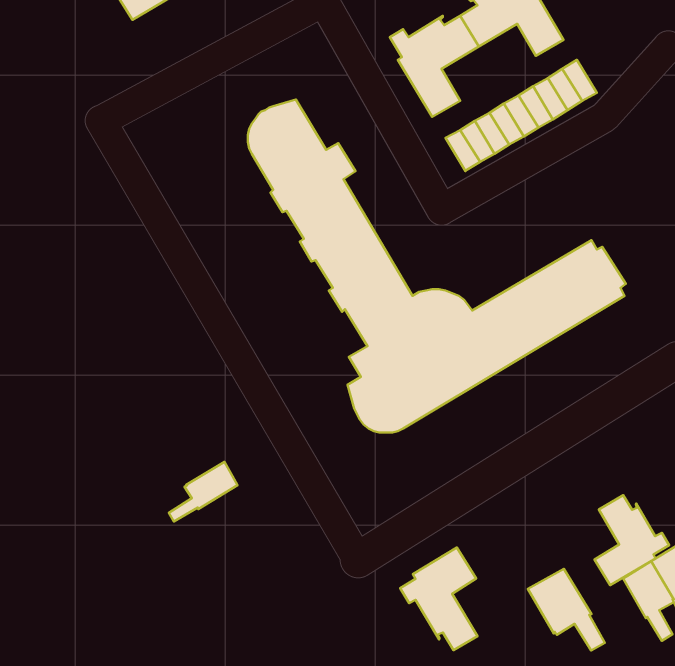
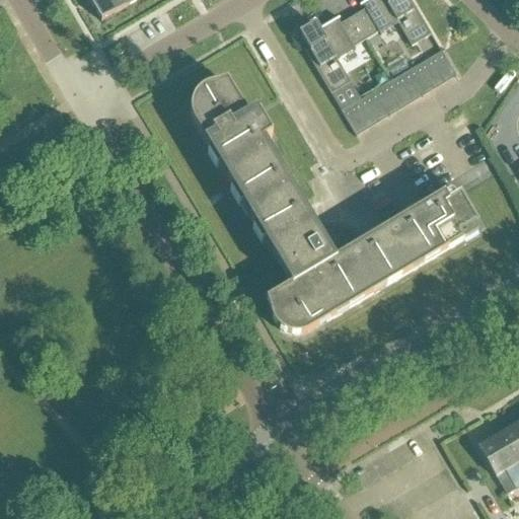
building: [169,462,237,522] -> none
building: [594,495,669,585] -> none
building: [400,548,477,650] -> none
building: [528,569,605,651] -> none

